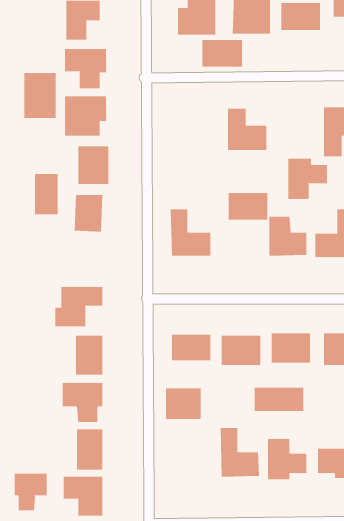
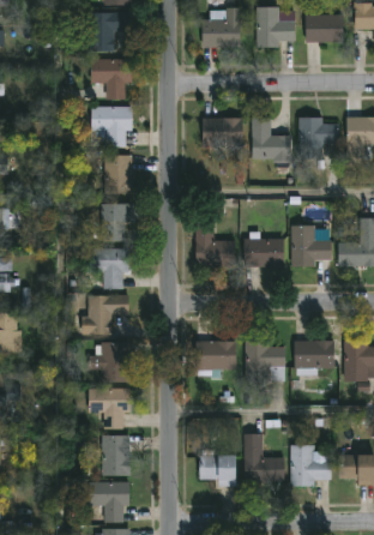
building: [201,39,243,67] -> [203,119,243,146]
building: [24,72,56,119] -> none
building: [288,158,328,200] -> [300,118,339,158]
building: [34,173,59,215] -> [101,248,125,289]
building: [228,192,268,220] -> [245,239,284,266]
building: [254,387,304,412] -> none
building: [165,388,202,419] -> [200,455,236,486]
building: [14,473,47,511] -> none

